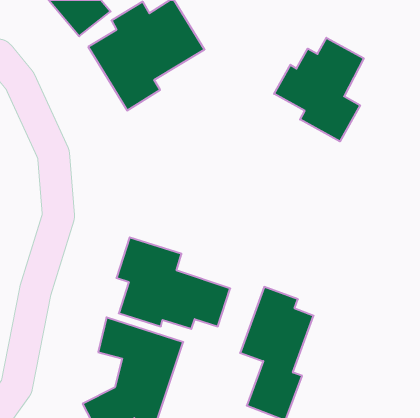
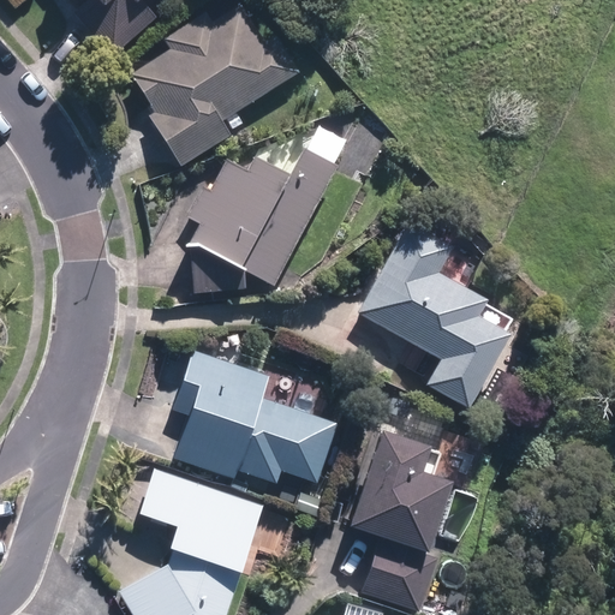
building: [274,38,364,141] -> none
building: none -> [192,121,351,294]
building: none -> [358,219,520,406]

